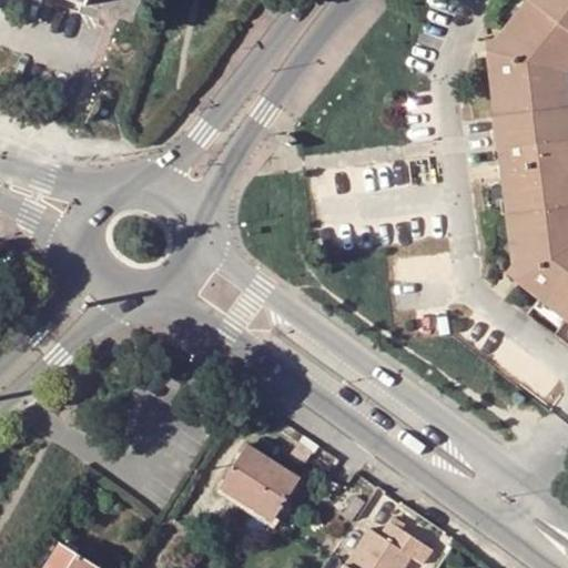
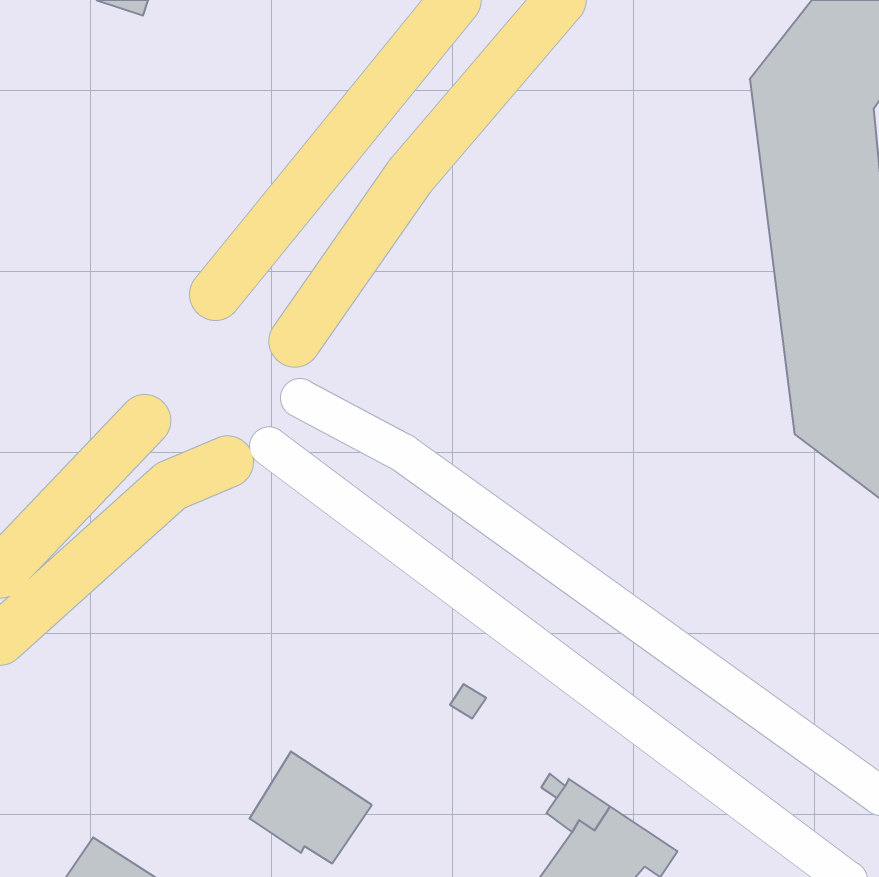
building: [223,444,302,516] -> [249,751,372,863]

